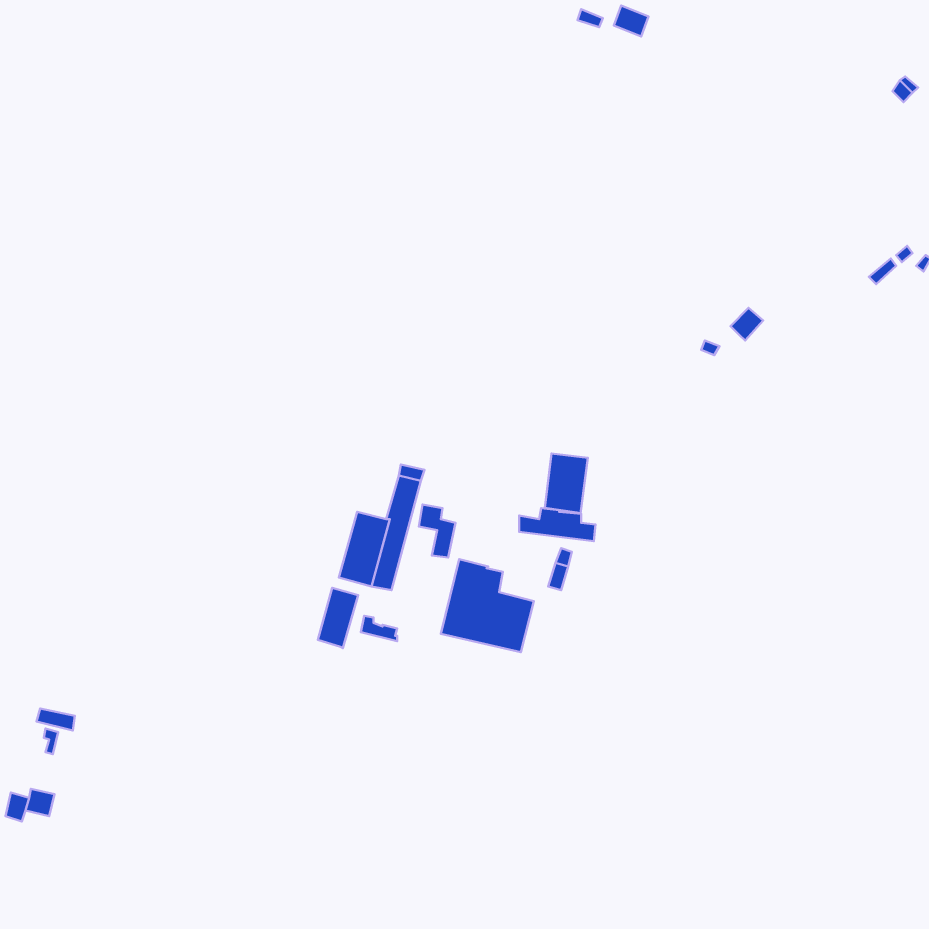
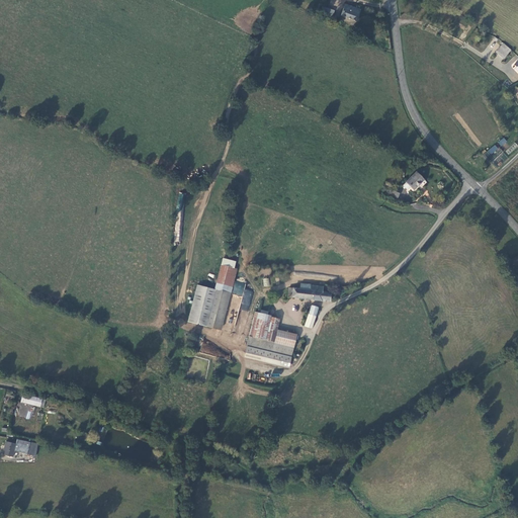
building: [545,454,588,514] -> none
building: [318,588,358,648] -> none

